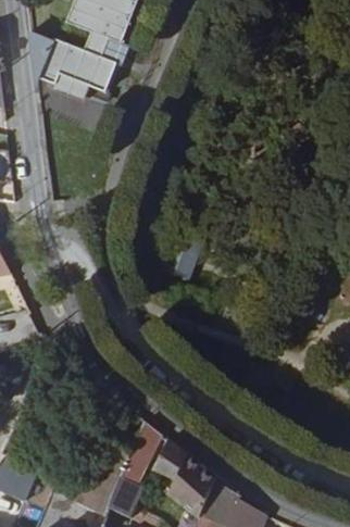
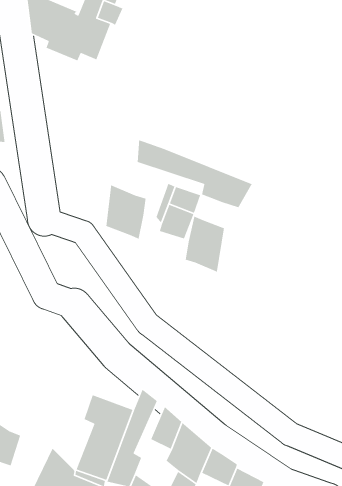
building: none -> [137,139,253,209]
building: none -> [105,184,146,240]
building: none -> [185,215,225,273]

